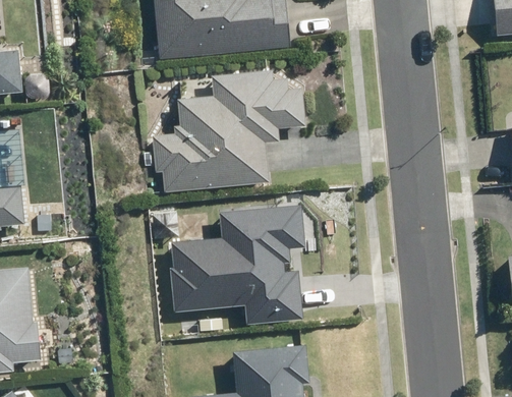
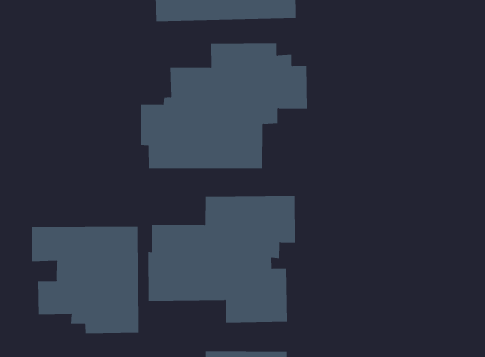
building: none -> [31,226,139,334]

